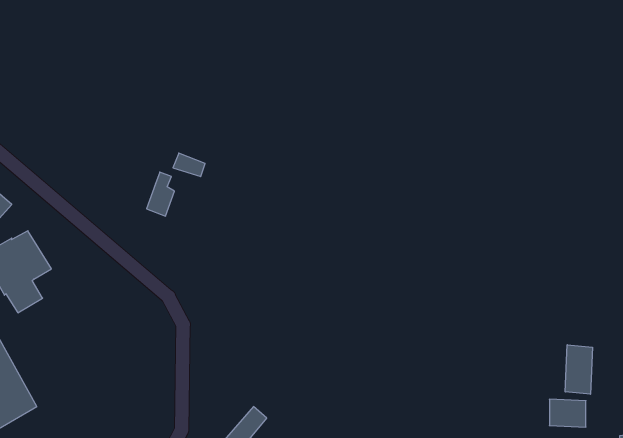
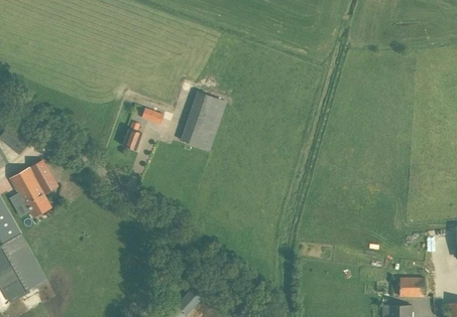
building: none -> [180,92,226,151]
building: [565,345,592,394] -> none

